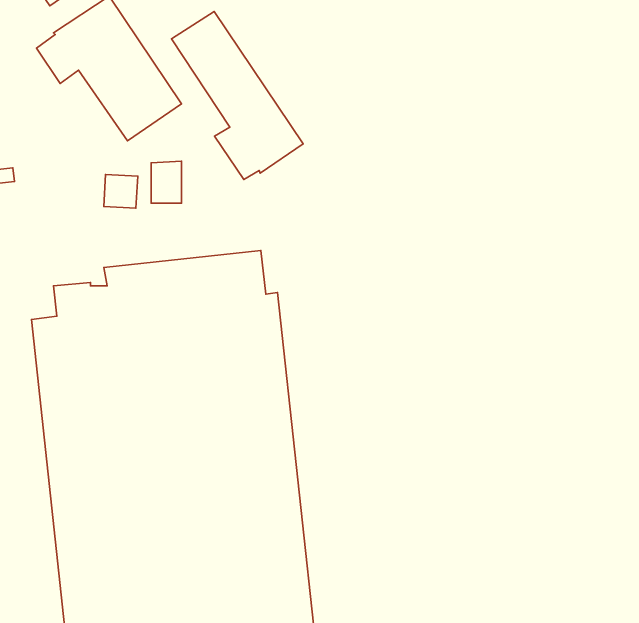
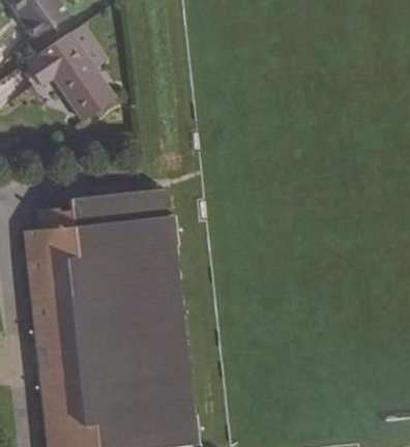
building: [172,11,303,179] -> none

